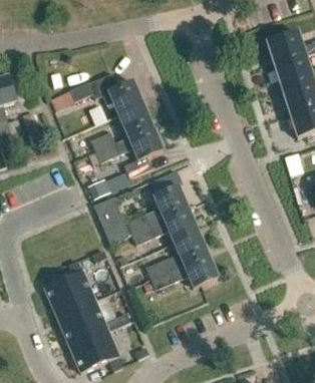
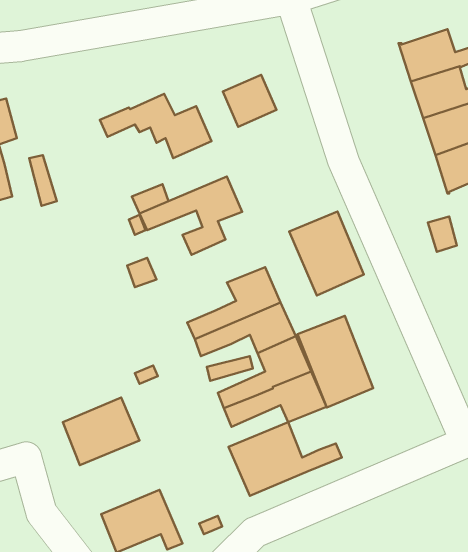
building: [117,102,152,136] -> [223,75,276,127]
building: none -> [289,212,364,296]
building: [93,196,128,241] -> none
building: none -> [297,316,373,407]
building: [56,298,130,346] -> [228,422,342,496]

